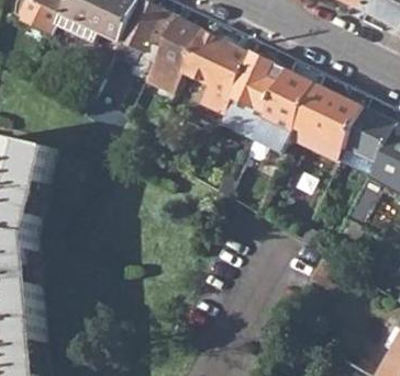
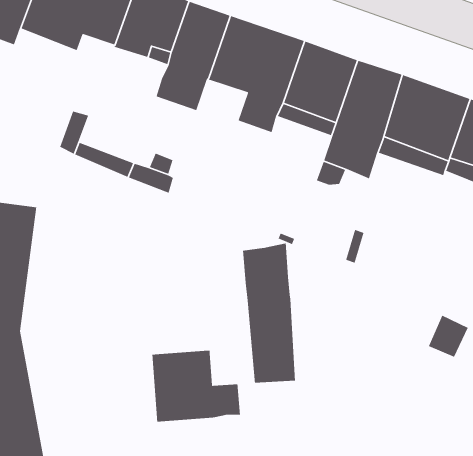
building: none -> [242,243,296,384]
building: none -> [152,349,241,423]

